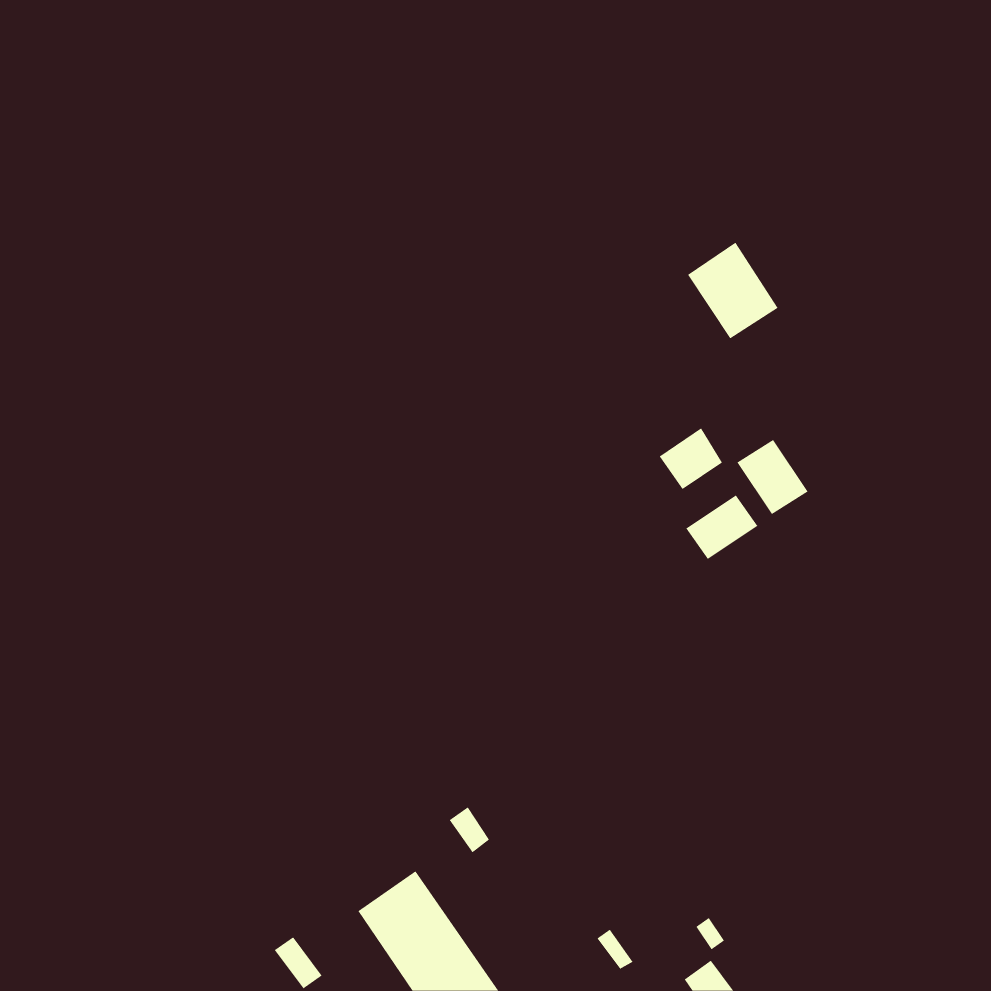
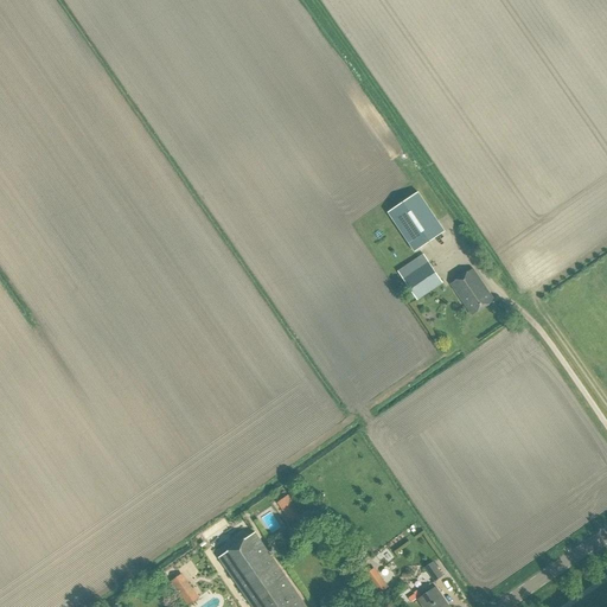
building: [687,242,779,339] -> [388,191,443,250]
building: [686,494,758,560] -> none

